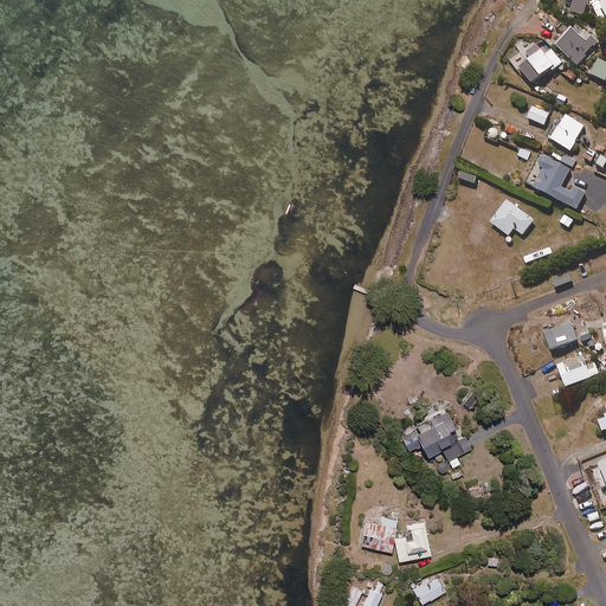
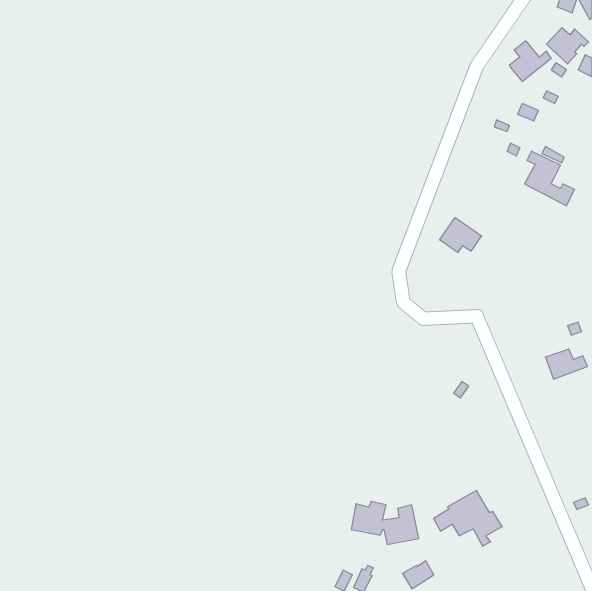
building: [550,115,585,150] -> none
building: [490,199,533,234] -> [440,218,482,252]
building: [544,322,578,349] -> none
building: [400,407,470,464] -> [434,490,502,546]

